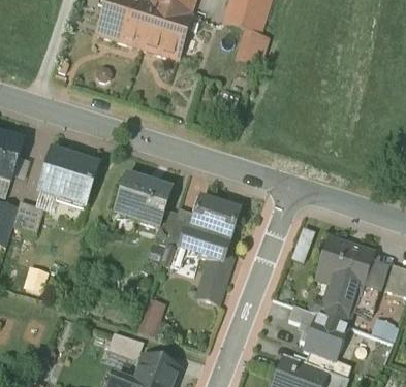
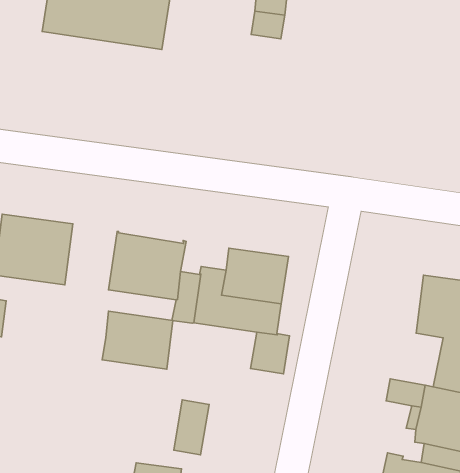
building: none -> [102,311,173,369]

